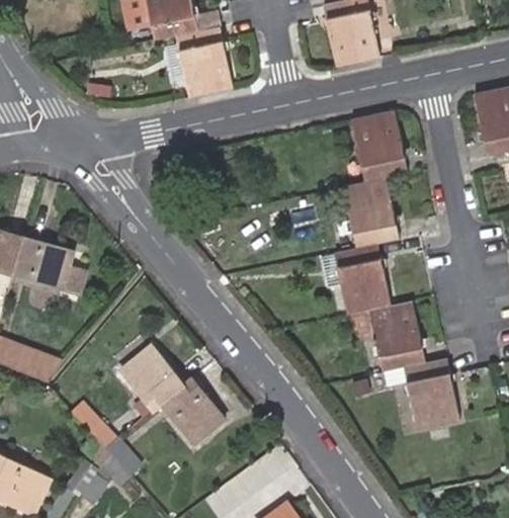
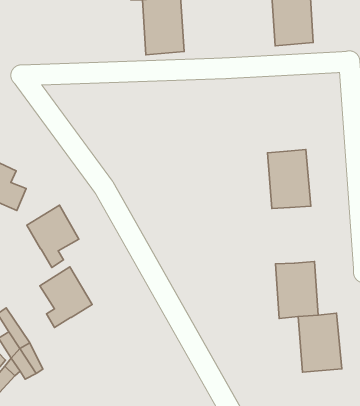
building: [352,111,408,182] -> none
building: [325,245,393,316] -> none
building: none -> [27,205,79,267]
building: [150,379,214,445] -> none

